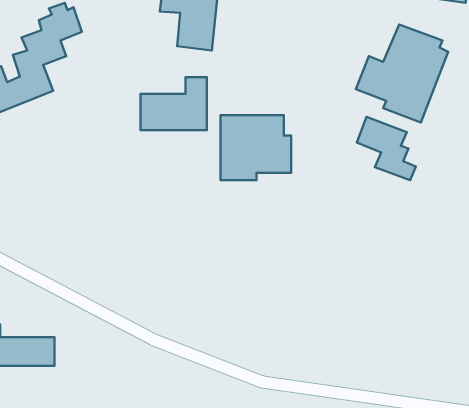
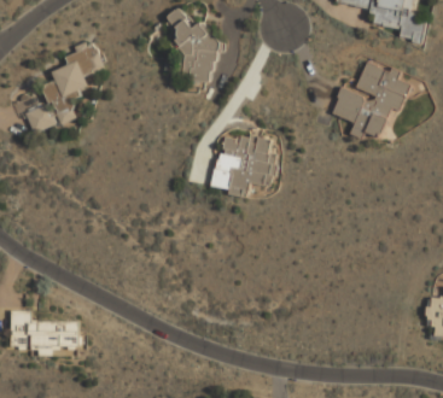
building: [141,77,207,130] -> none
building: [357,117,416,180] -> none

